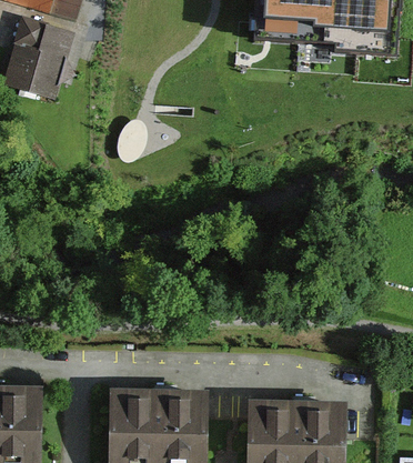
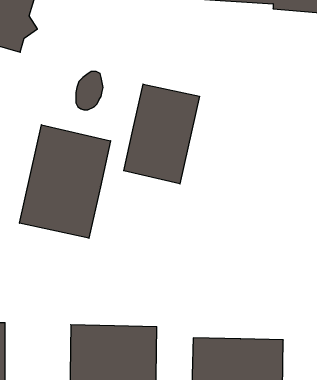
building: none -> [124,84,199,184]
building: none -> [20,125,111,238]

